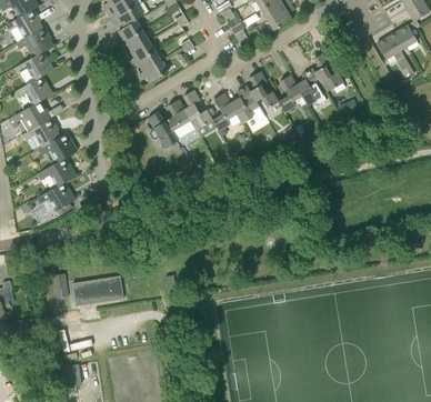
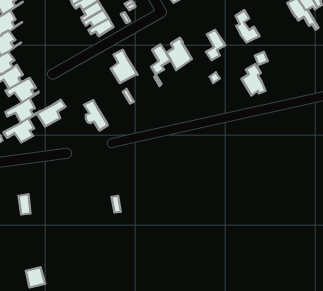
building: [297,67,325,104] -> [241,64,265,96]
building: [250,70,279,108] -> none
building: [183,89,213,129] -> none
building: [148,111,177,148] -> [84,100,108,131]
building: none -> [36,100,65,127]
building: [72,274,124,305] -> none

